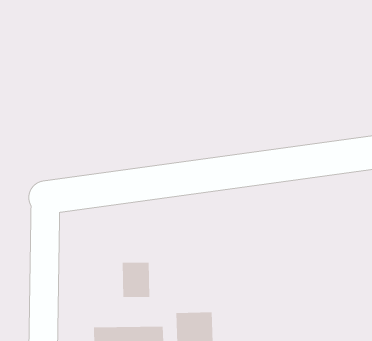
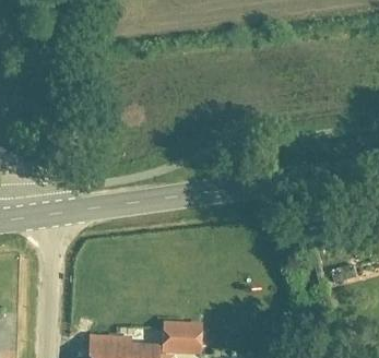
building: [122,262,150,298] -> none

